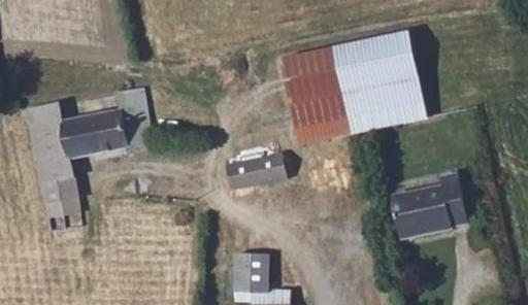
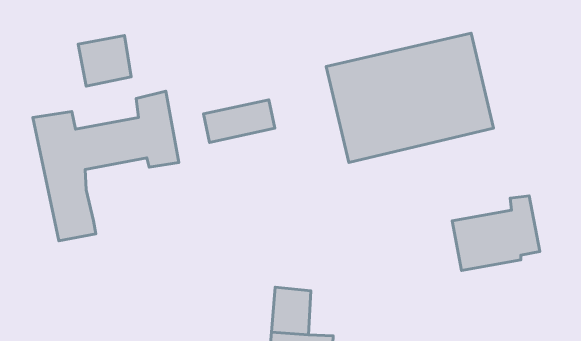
building: none -> [78,36,131,86]
building: [231,149,293,187] -> [204,100,275,142]

